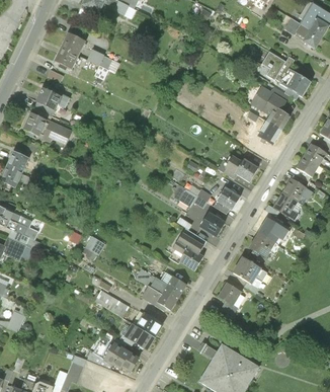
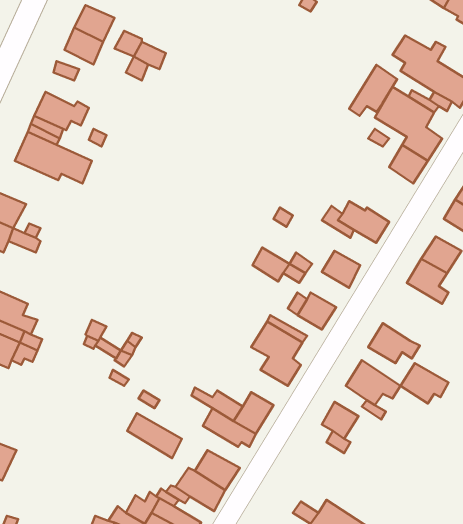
building: none -> [349,65,397,116]
building: [255,218,285,243] -> [400,363,449,403]

